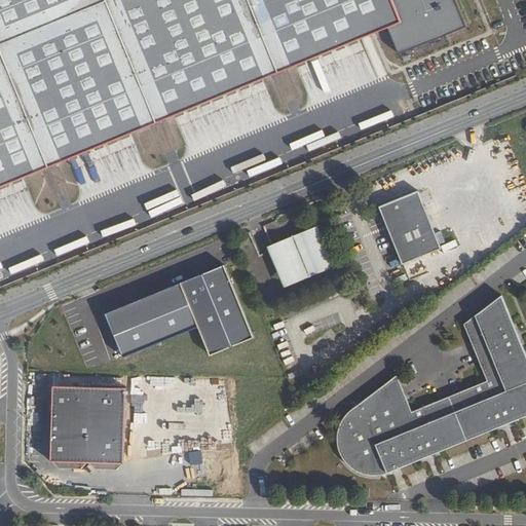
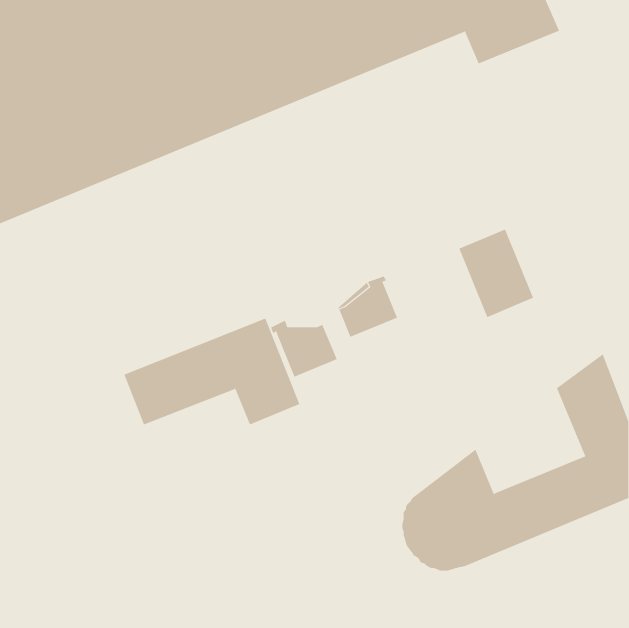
building: none -> [270,320,338,377]
building: [50,382,124,465] -> none

